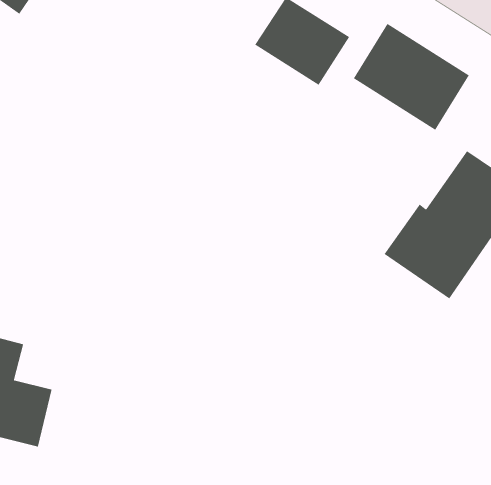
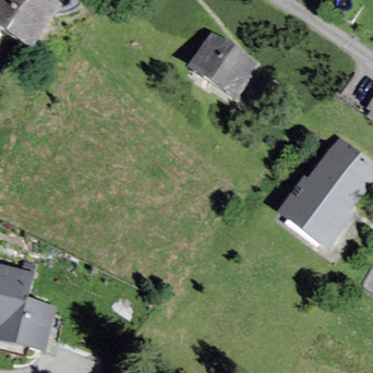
building: [353,23,470,131] -> none

